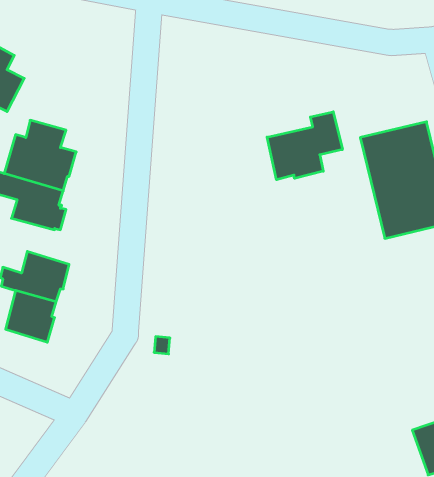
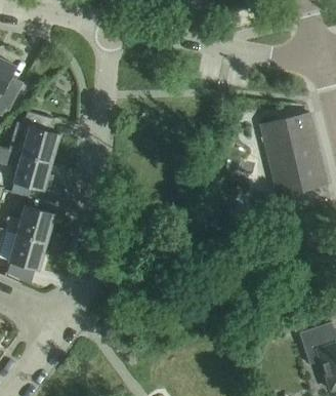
building: [267,112,342,180] -> none

